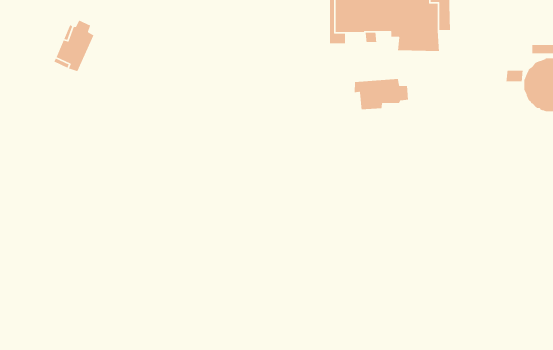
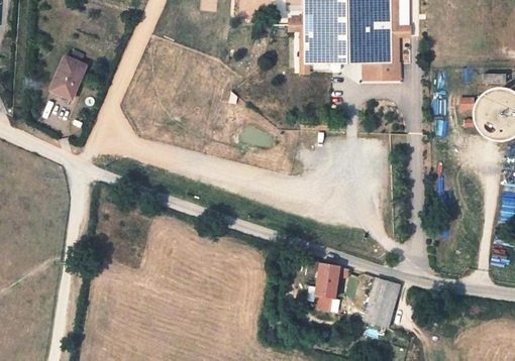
building: [354,78,409,110] -> none
building: none -> [317,262,338,298]
building: none -> [364,277,400,329]

